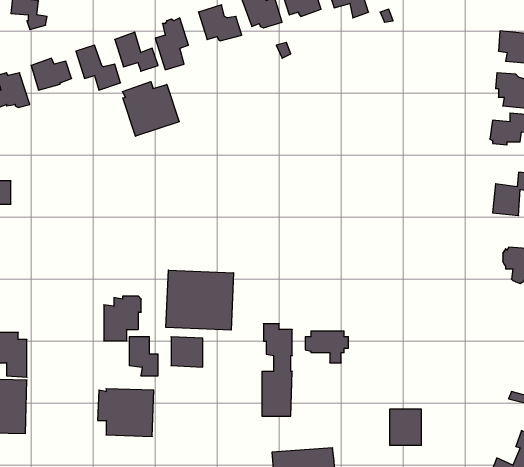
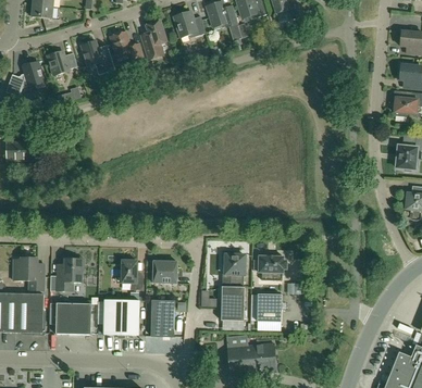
building: [122,82,179,136] -> none
building: [166,270,234,330] -> none
building: [104,296,141,341] -> [57,256,85,290]
building: none -> [151,300,174,336]
building: none -> [55,302,90,334]
building: [390,409,421,445] -> [257,293,281,321]

